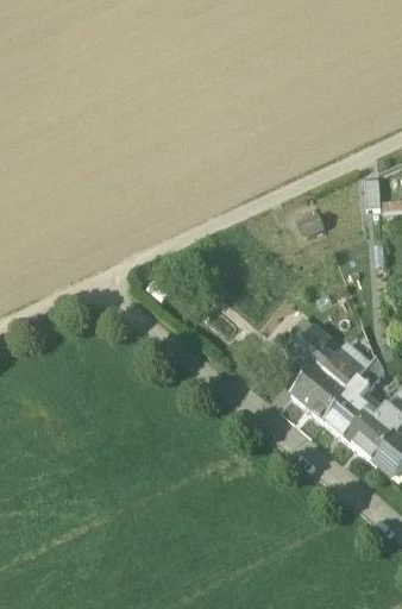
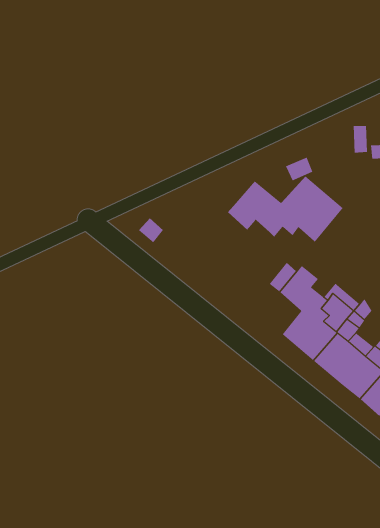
building: none -> [227,175,344,242]

